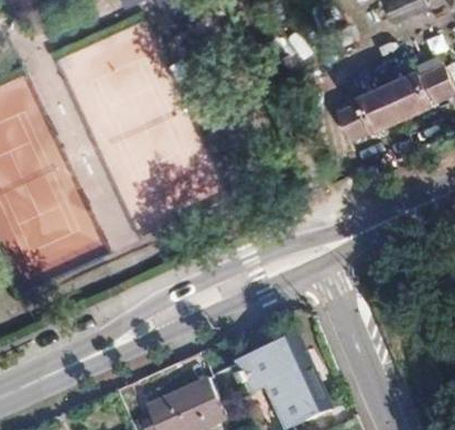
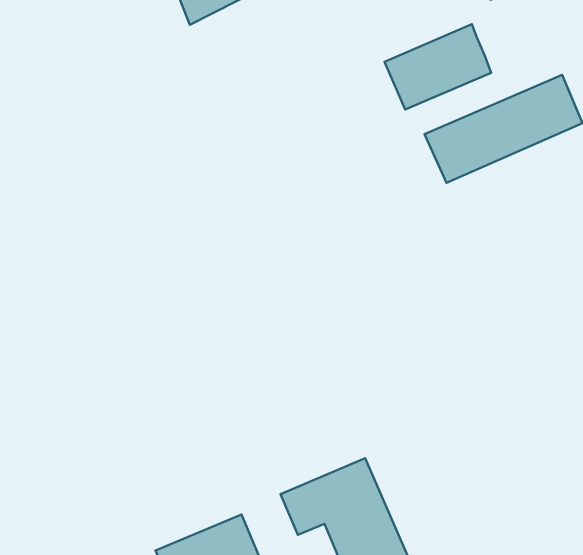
building: none -> [384,24,491,110]

